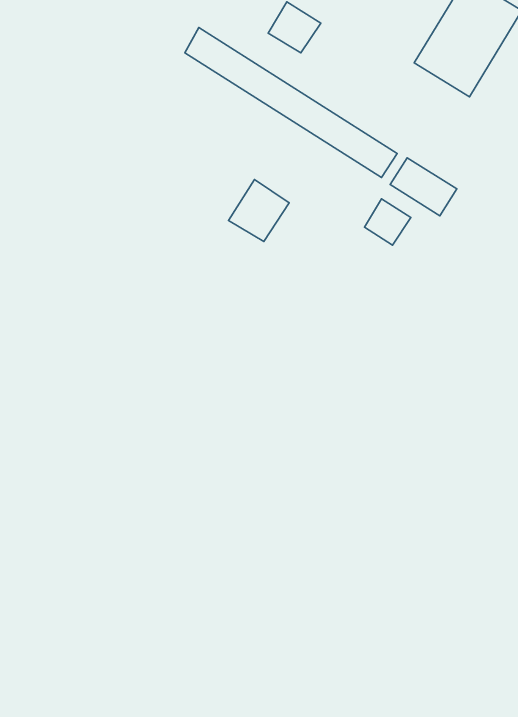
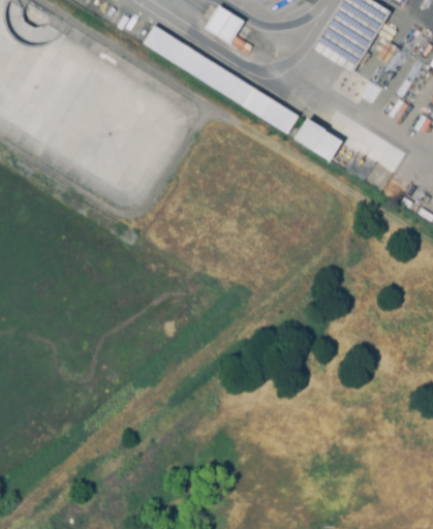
building: [228,180,289,242] -> none
building: [365,199,411,245] -> none

